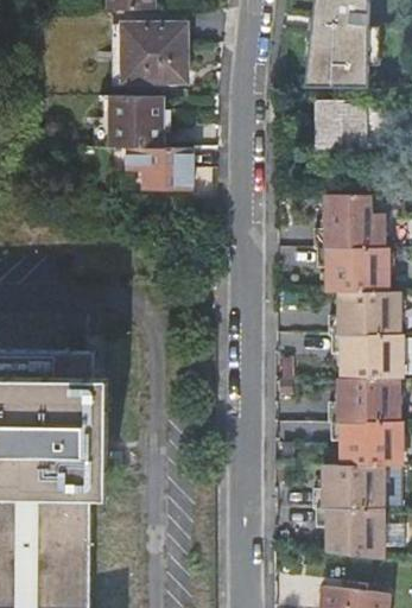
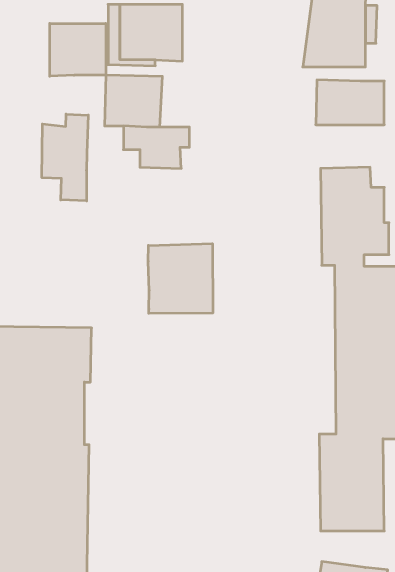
building: none -> [50,23,106,76]
building: none -> [42,114,88,201]
building: none -> [148,244,213,313]

